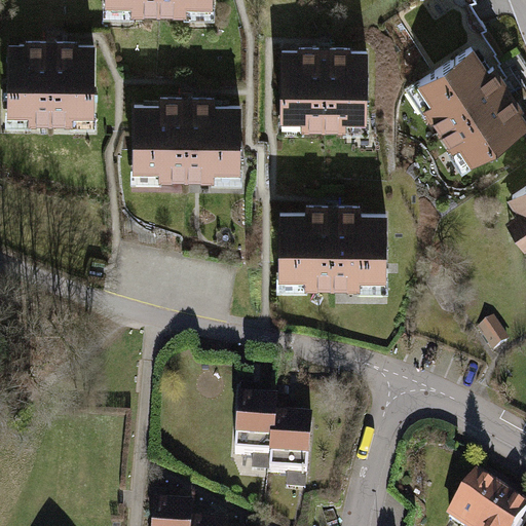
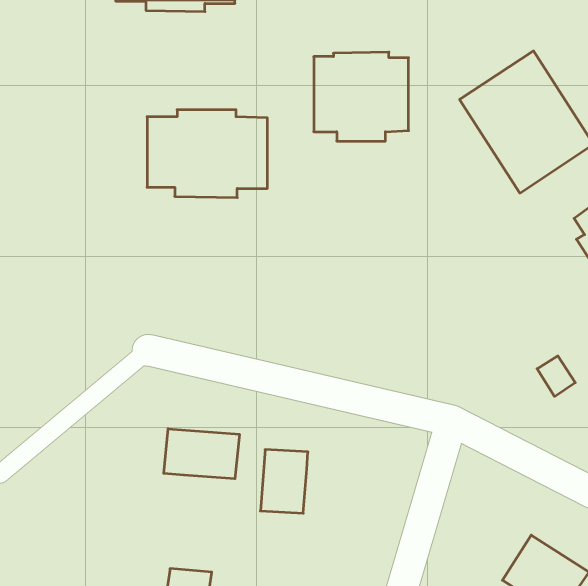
building: [9,44,93,123] -> none
building: [280,210,385,288] -> none
building: none -> [164,429,239,479]
building: [271,421,310,478] -> none

